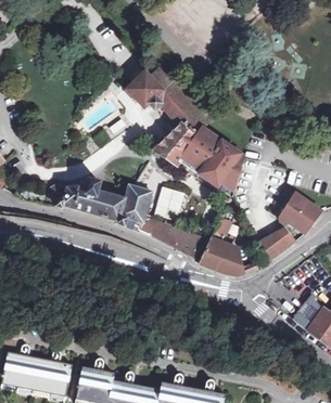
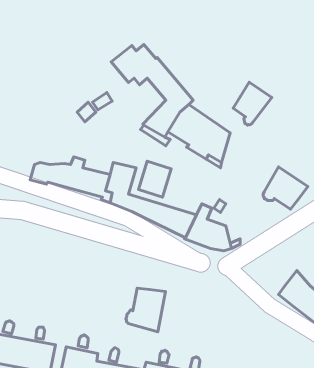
building: none -> [233,82,272,125]
building: [259,228,295,258] -> none
building: none -> [126,288,166,332]

